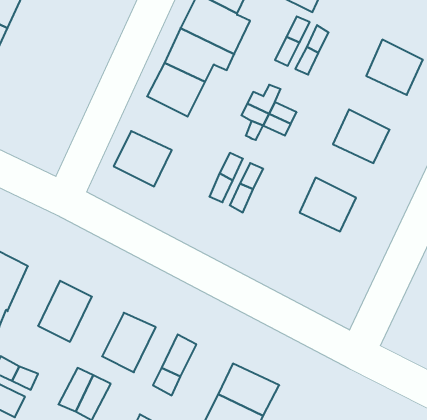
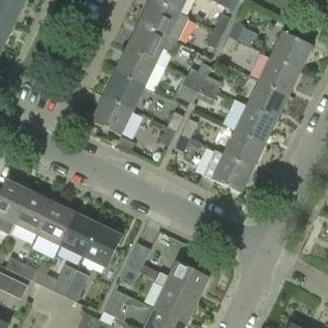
building: none -> [259,56,300,94]
building: none -> [103,70,144,109]
building: none -> [235,105,276,143]
building: none -> [198,149,252,191]
building: none -> [16,191,53,234]
building: none -> [60,213,98,256]

